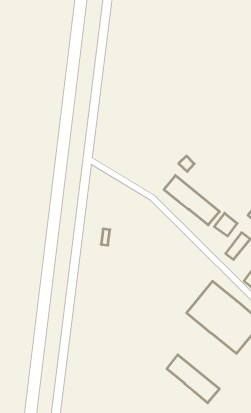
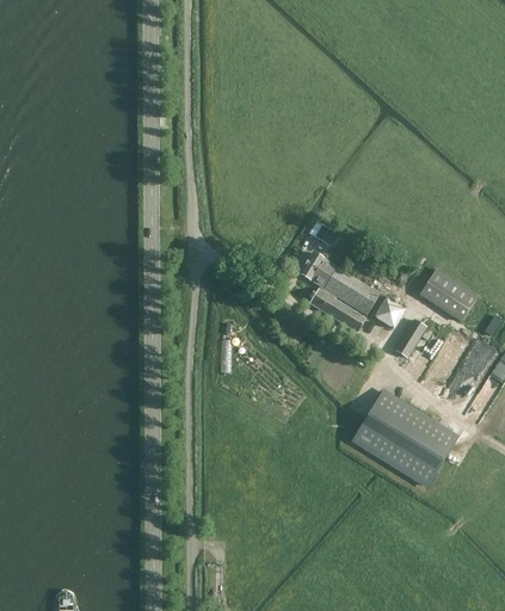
building: none -> [309,288,363,332]
building: [167,355,219,403] -> none

